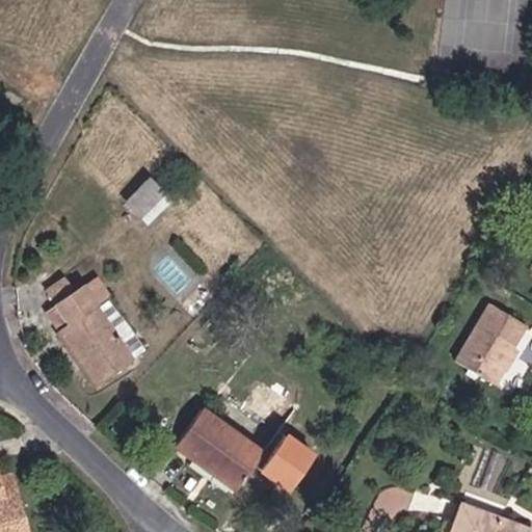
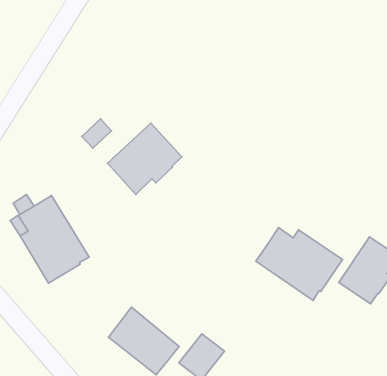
building: none -> [107,123,182,194]
building: none -> [256,227,343,300]

